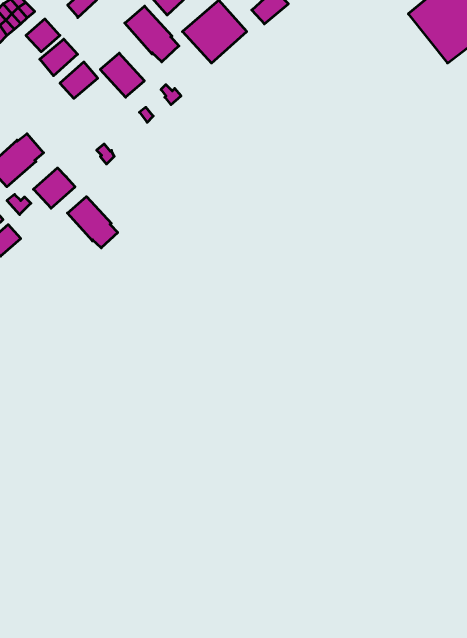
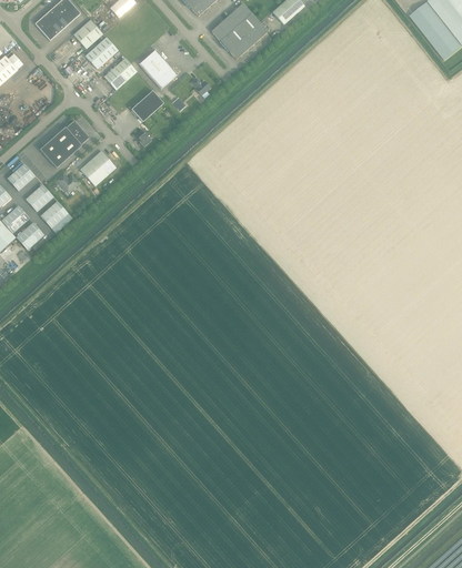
building: [125,6,179,62] -> none
building: none -> [130,90,162,121]
building: [67,197,118,248] -> none

